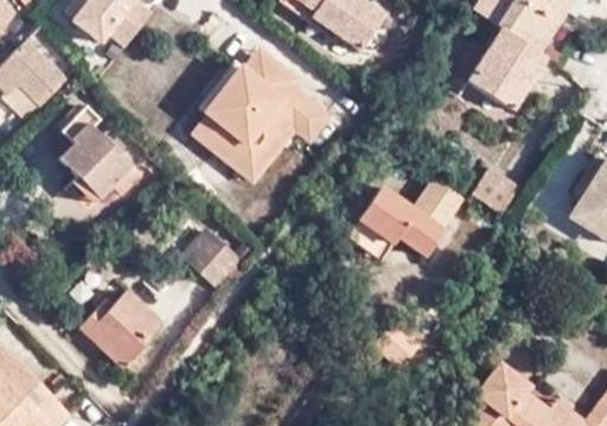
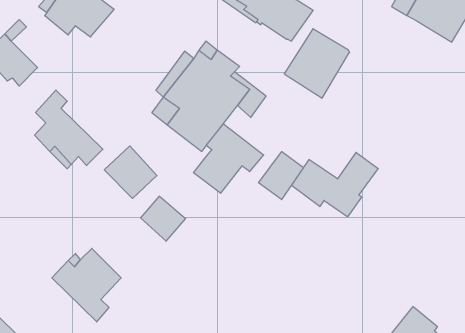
building: [472,26,548,107] -> [284,29,350,98]
building: none -> [194,124,264,193]
building: [472,166,523,216] -> none
building: none -> [104,146,157,198]
building: none -> [259,152,303,200]

